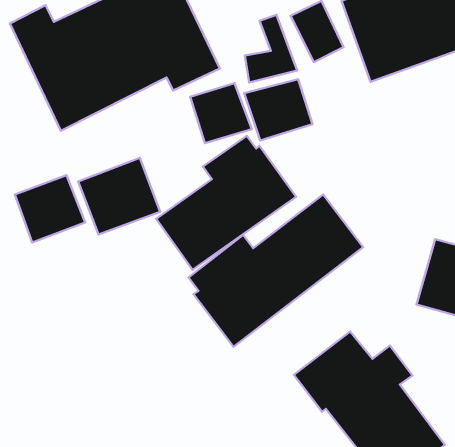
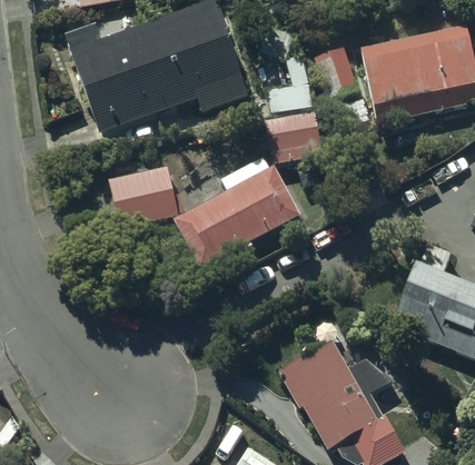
building: [190,83,252,143] -> none
building: [15,175,85,242] -> none
building: [188,194,363,347] -> none

